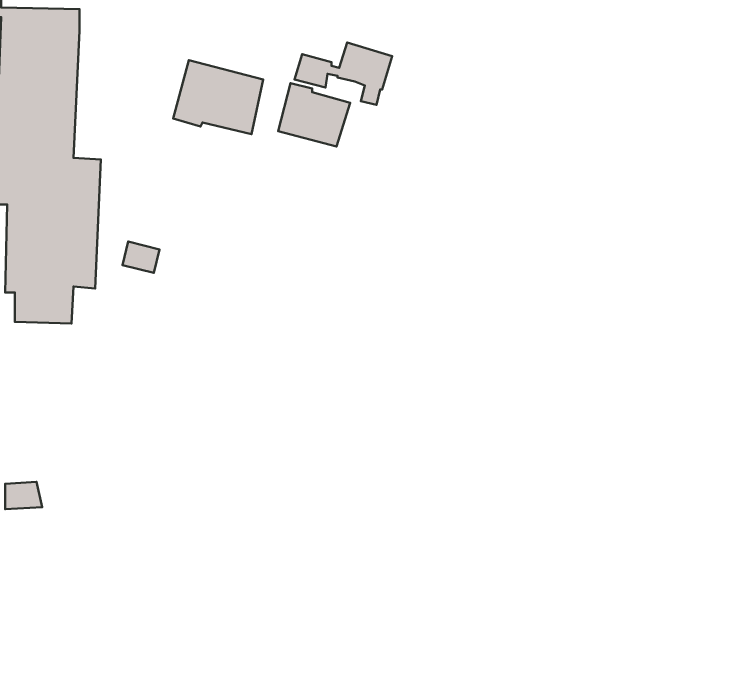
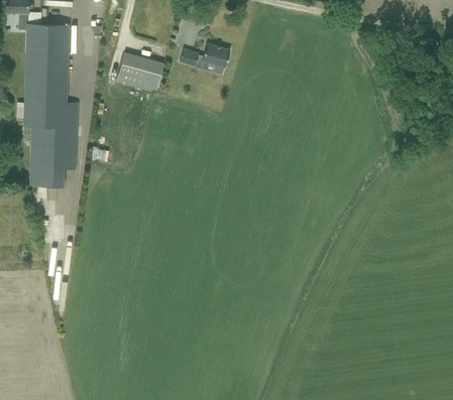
building: [278,83,350,146] -> none

